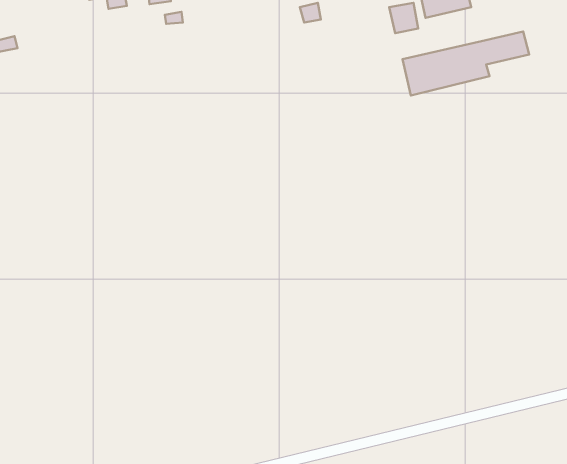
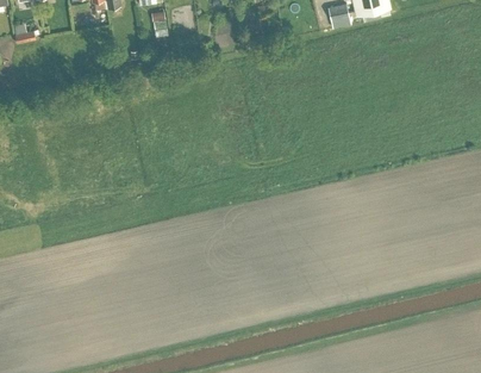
building: [402,32,529,96] -> none

